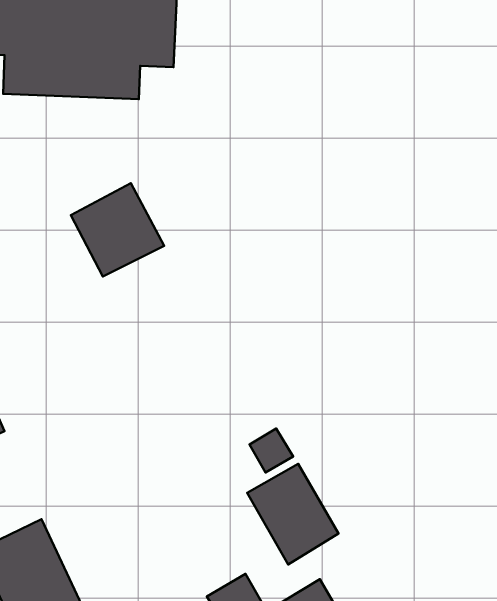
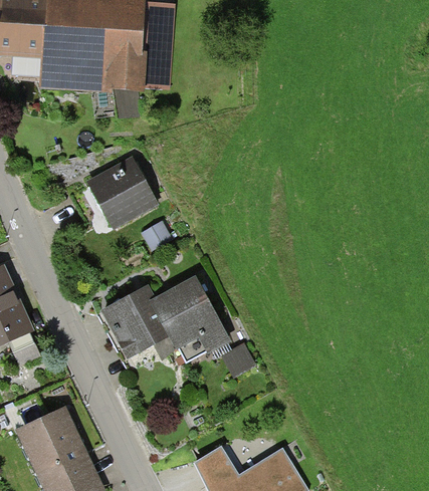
building: none -> [93,279,225,365]
building: [247,464,338,564] -> none

